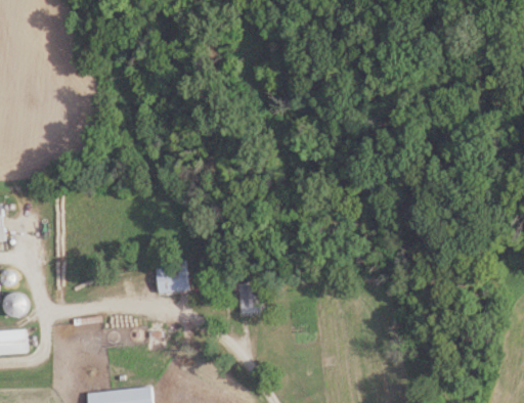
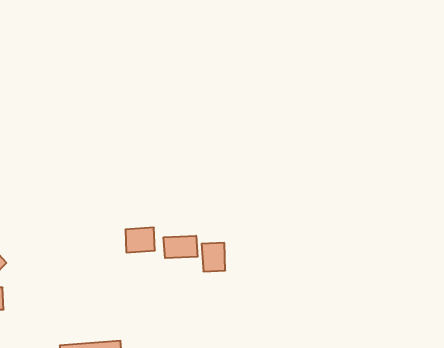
building: none -> [164,236,198,258]

